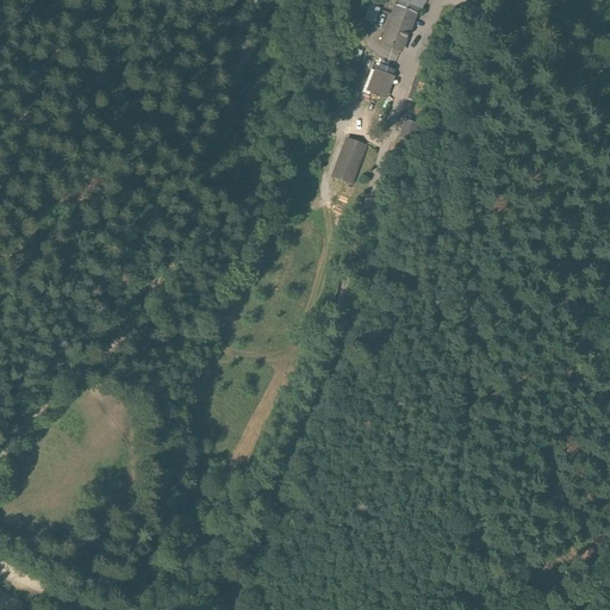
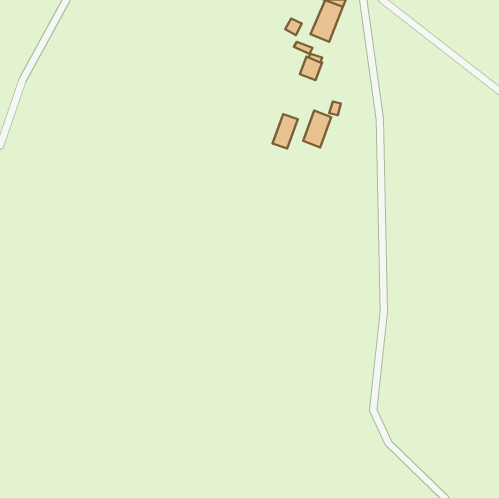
building: none -> [303,111,331,147]

